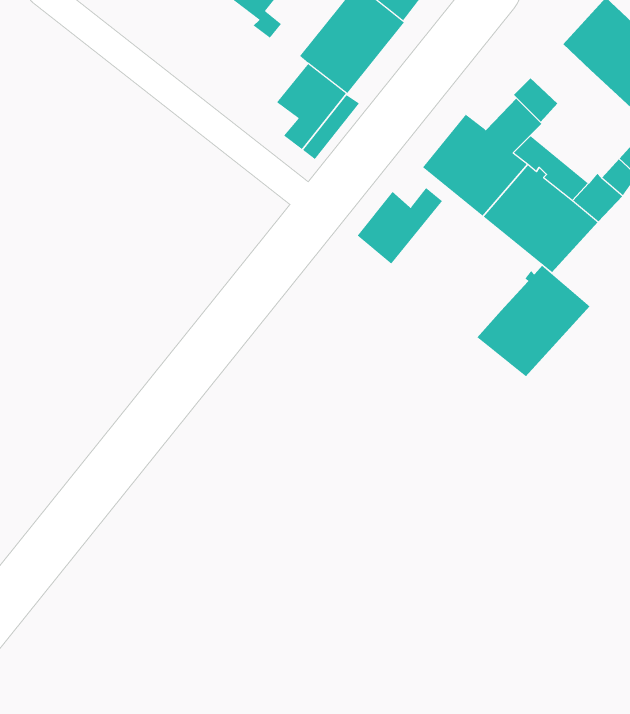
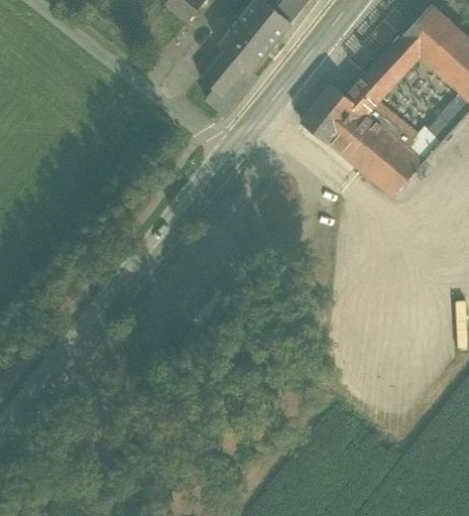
building: none -> [377,36,419,78]
building: [357,187,443,264] -> none
building: [477,265,590,377] -> none

